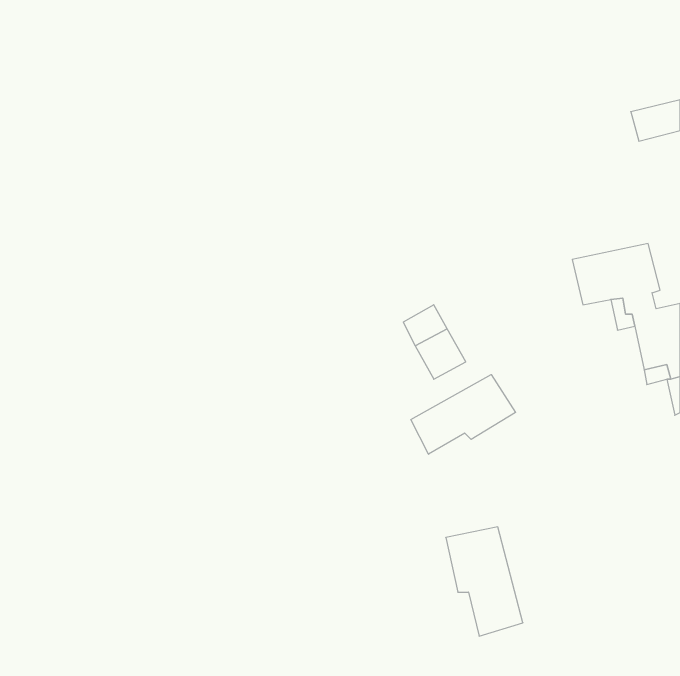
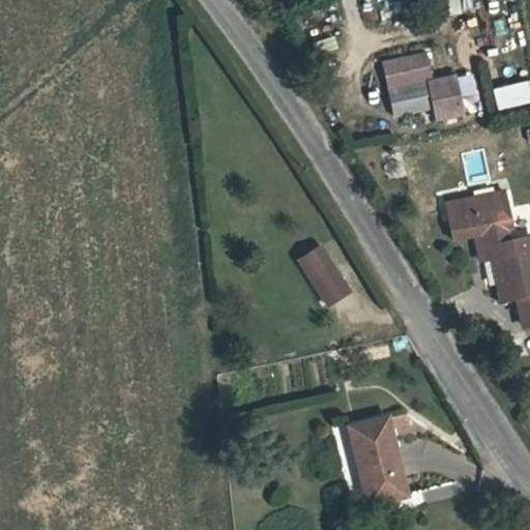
building: none -> [383,52,464,122]
building: [411,375,516,454] -> none

